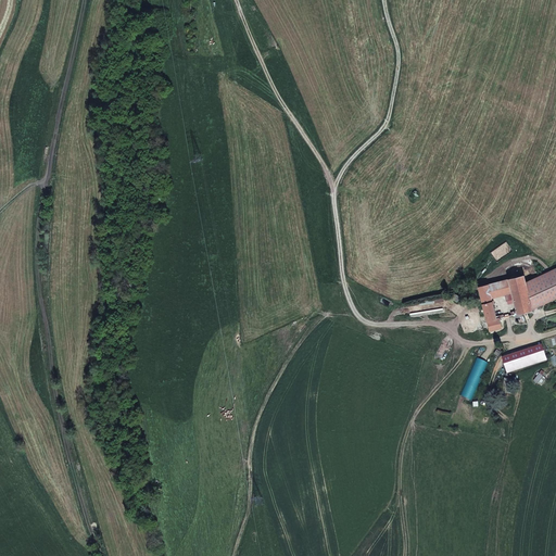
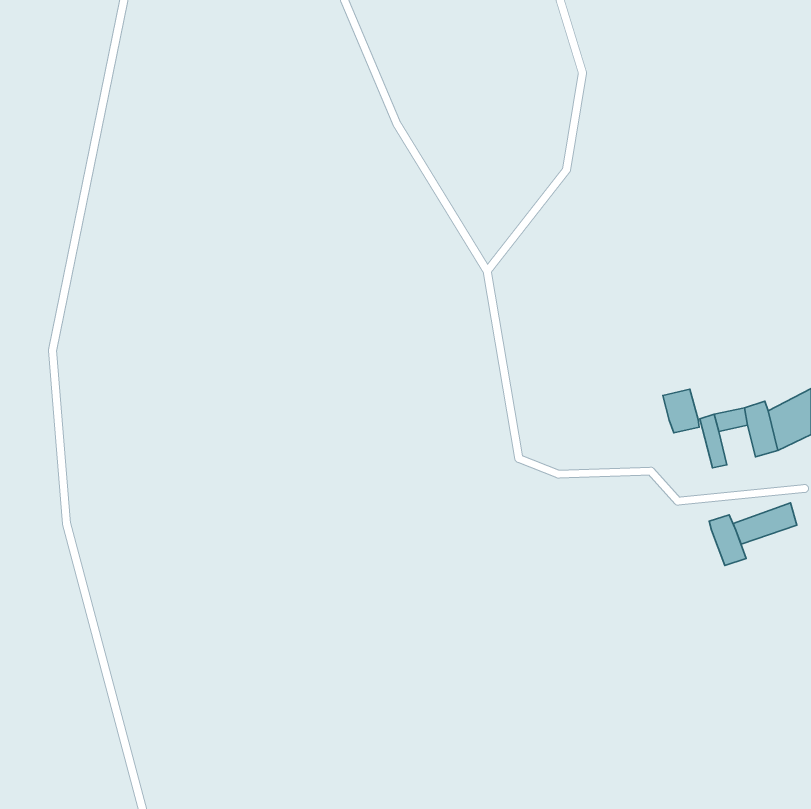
building: none -> [663,389,699,433]
building: none -> [709,515,746,565]

